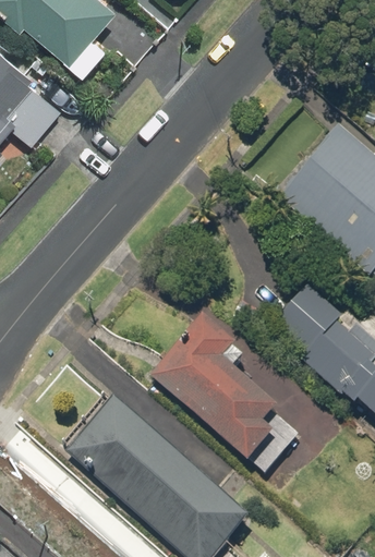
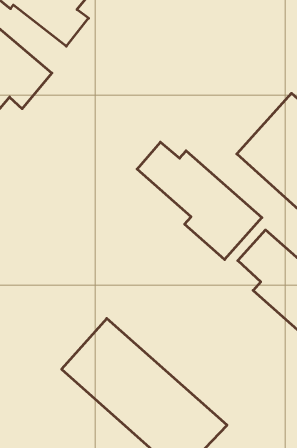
building: none -> [137,142,262,260]
building: [146,313,299,472] -> none

